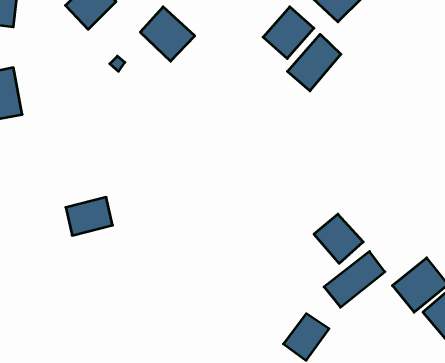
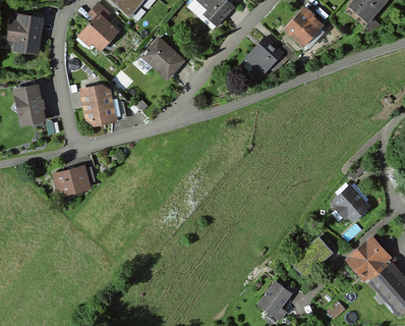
building: [287,34,341,91] -> none
building: none -> [77,85,116,127]
building: [66,197,113,235] -> [58,164,96,195]
building: [314,214,363,263] -> [330,183,369,223]

